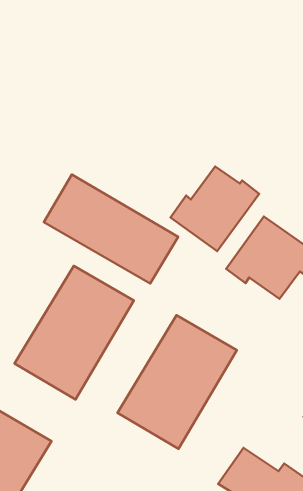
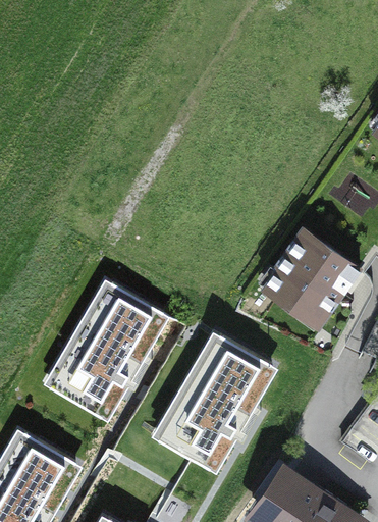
building: [171,166,259,251] -> none
building: [44,175,178,283] -> none

